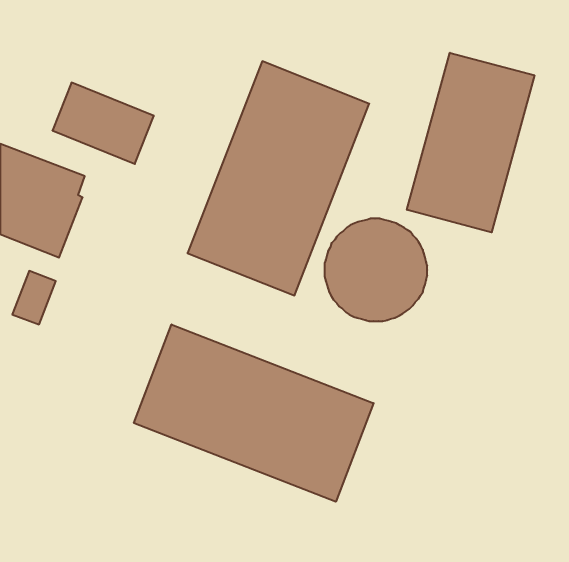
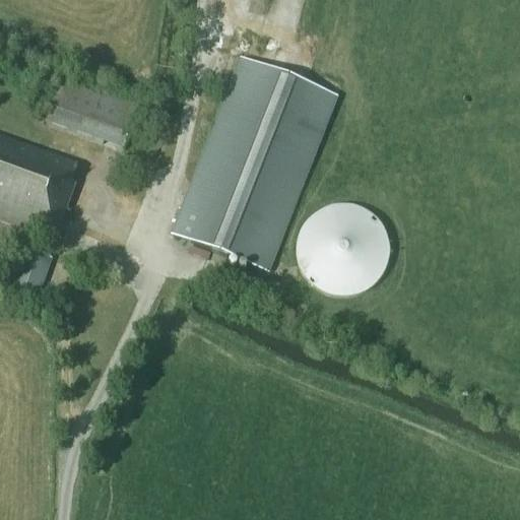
building: [407,53,534,232] -> none
building: [134,324,374,502] -> none

